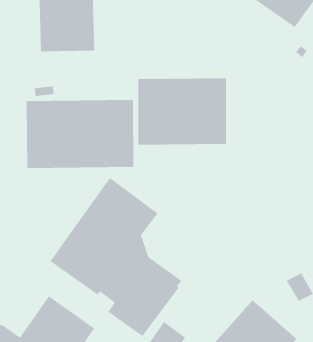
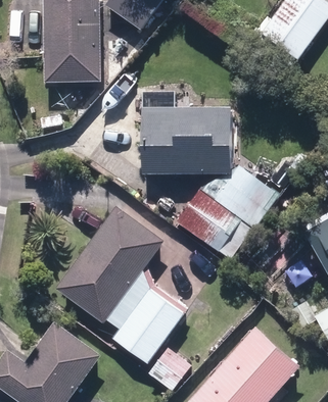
building: [26,99,134,169] -> none
building: none -> [177,165,270,251]

